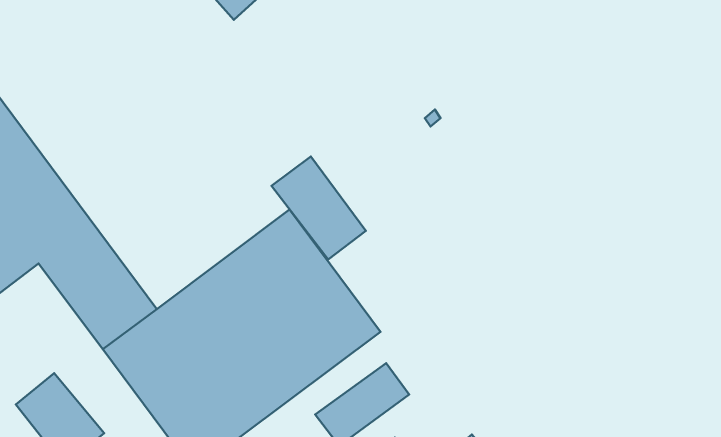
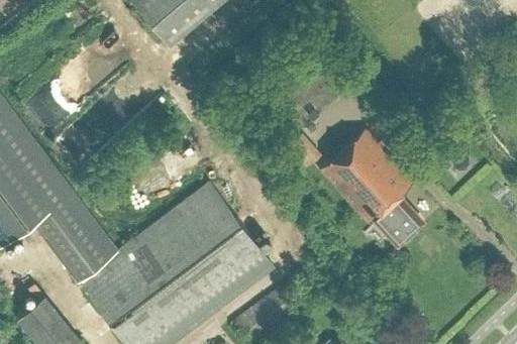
building: none -> [320,131,421,247]
building: [271,157,366,259] -> none

